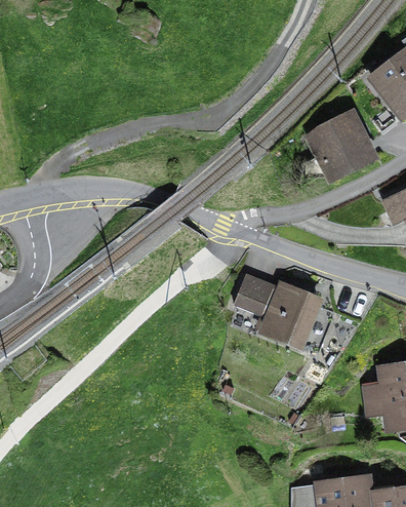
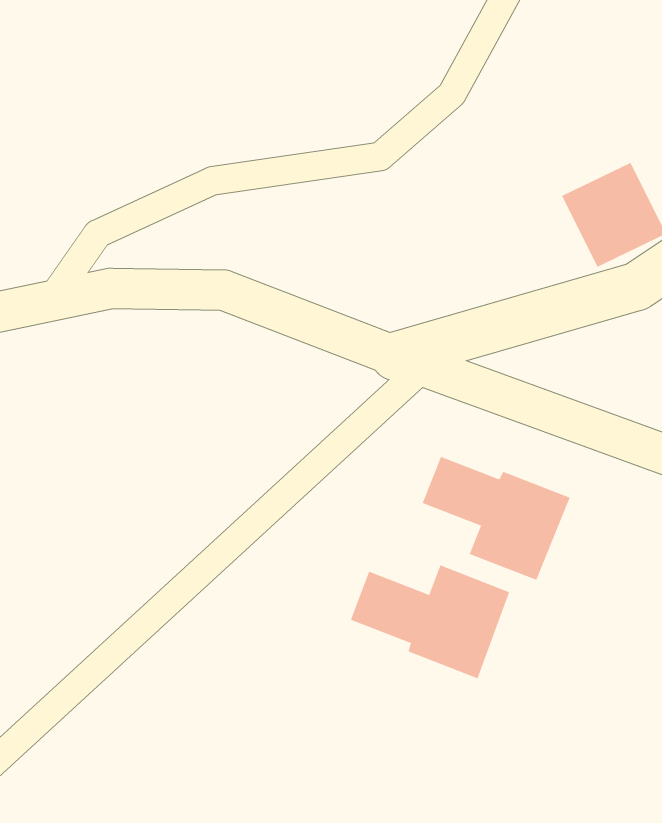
building: none -> [350,565,510,679]

